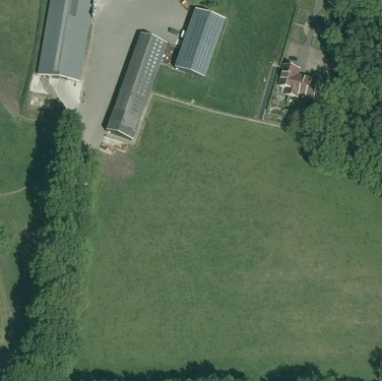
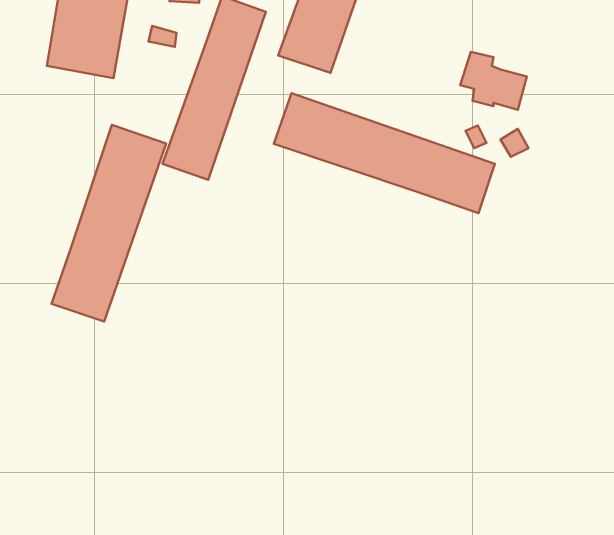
building: none -> [274,93,495,213]
building: none -> [51,125,166,321]

